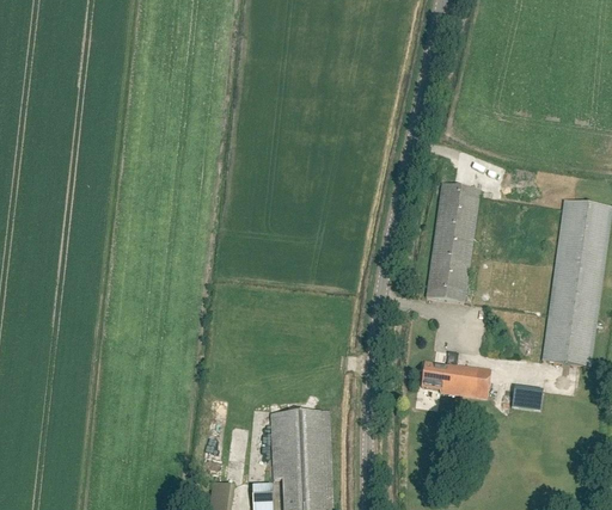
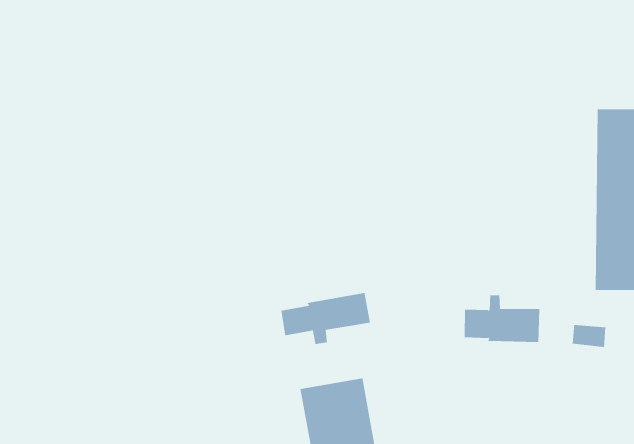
building: [426,183,479,302] -> none
building: none -> [281,292,371,345]

